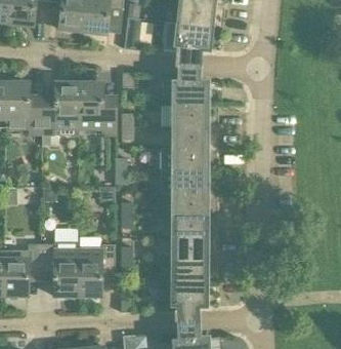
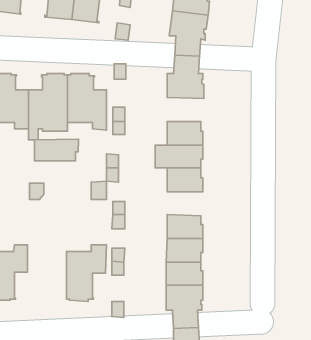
building: [172,104,207,126] -> none
building: none -> [35,139,78,161]
building: [172,193,206,216] -> none
building: [40,242,77,296] -> none

